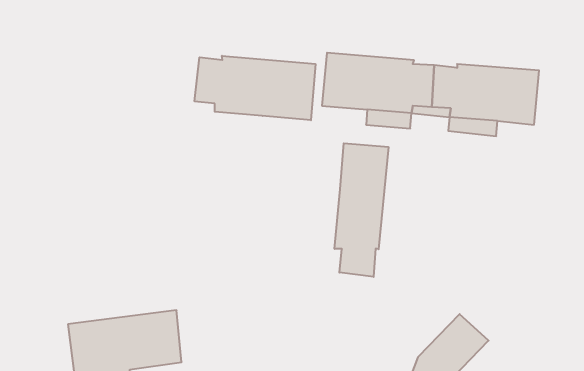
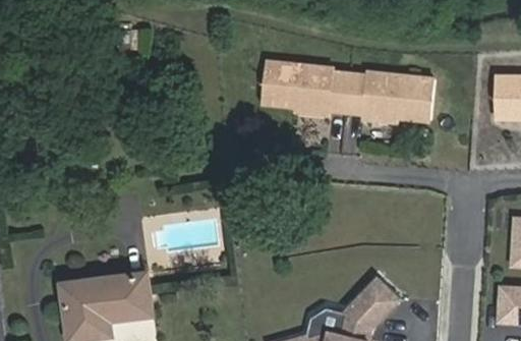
building: [195,56,315,120] -> none
building: [335,143,388,277] -> none

